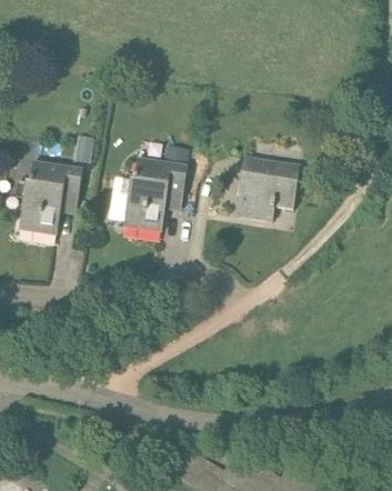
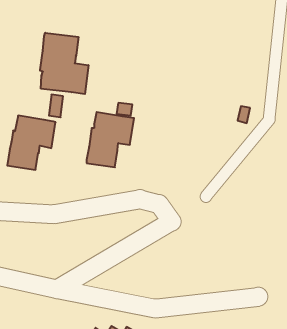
building: none -> [40,33,88,94]
building: [235,157,299,222] -> none

